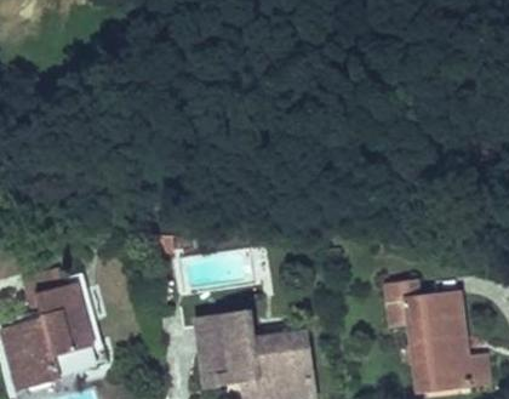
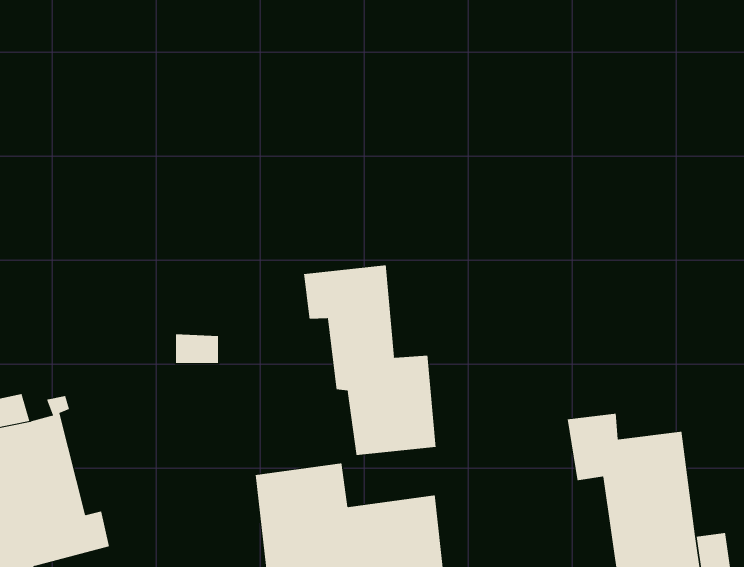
building: none -> [303,264,436,456]

